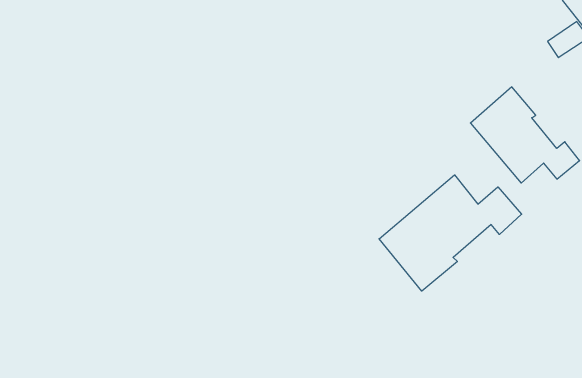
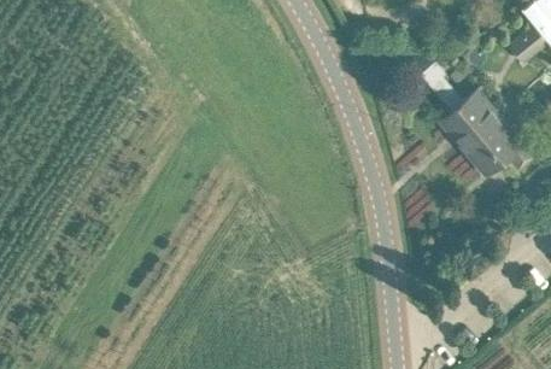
building: [379,175,522,291] -> none

